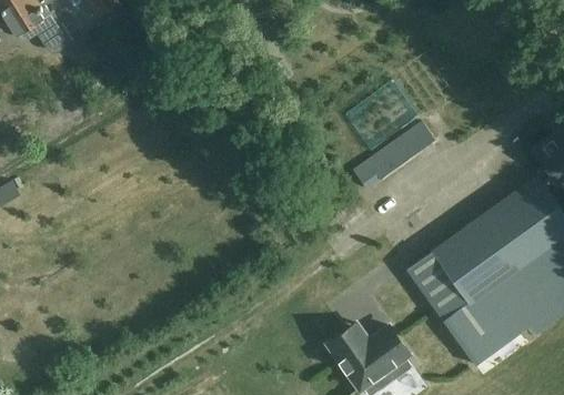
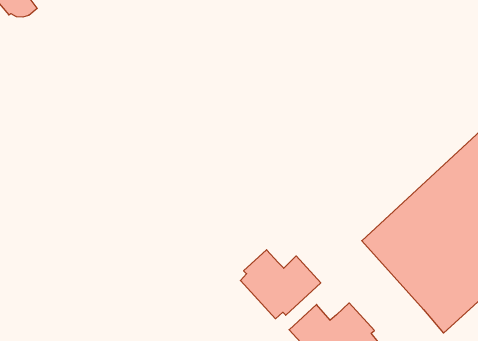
building: [353,121,434,189] -> none
building: none -> [240,250,321,319]

